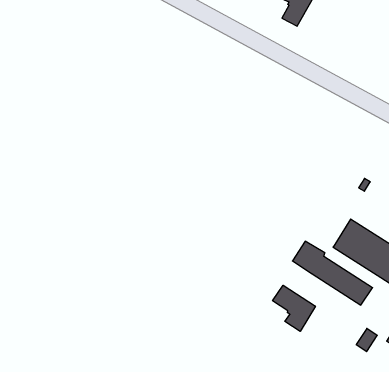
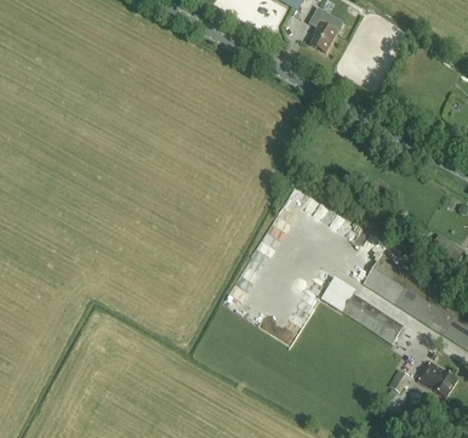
building: [273,285,315,331] -> none

